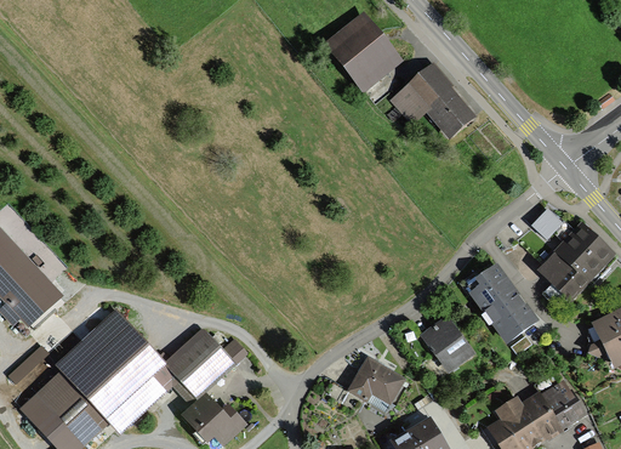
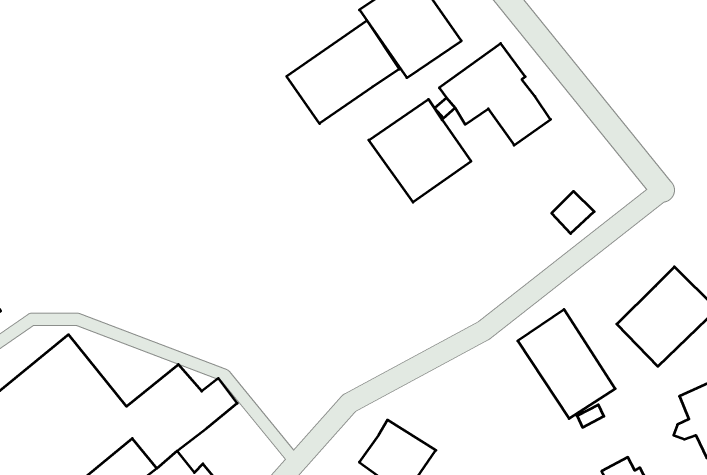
building: none -> [287,20,399,124]
building: none -> [369,99,471,202]
building: [530,209,563,241] -> [552,191,594,234]
building: [418,313,475,374] -> none

